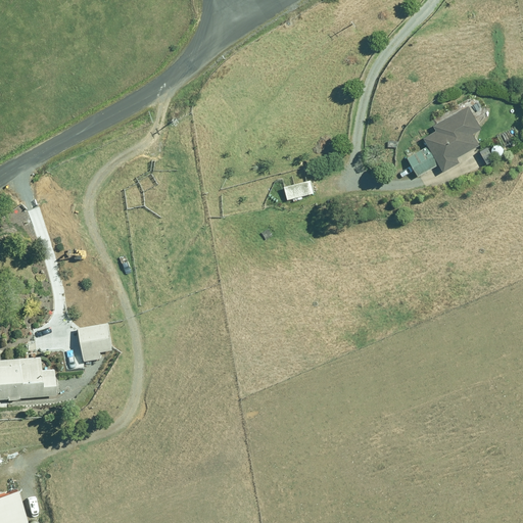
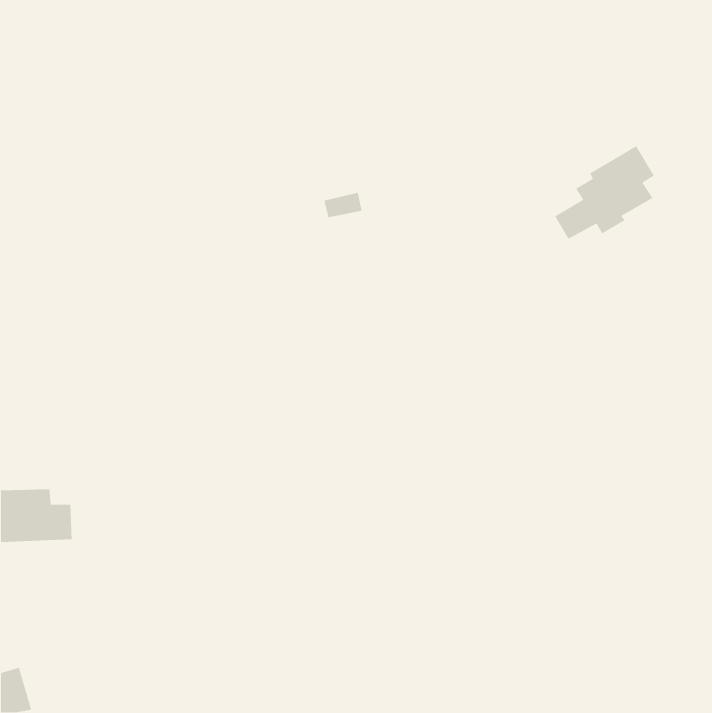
building: [284,180,313,199] -> [324,192,363,218]
building: [77,322,112,361] -> none

